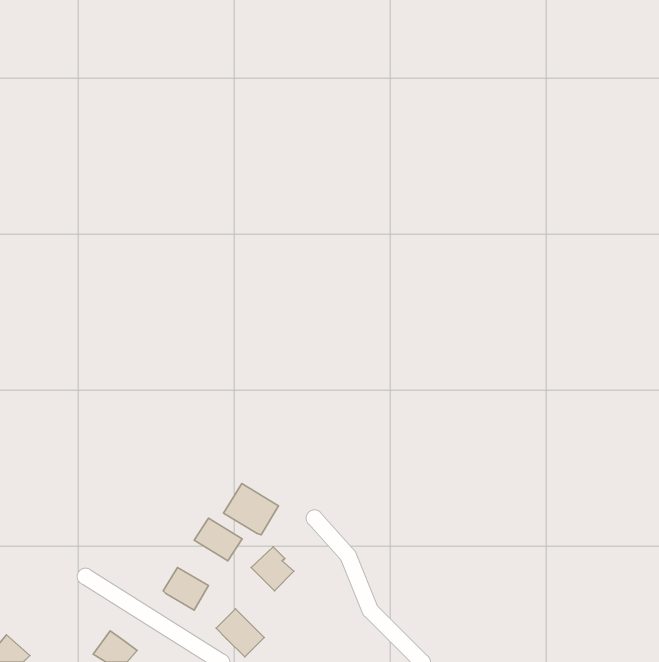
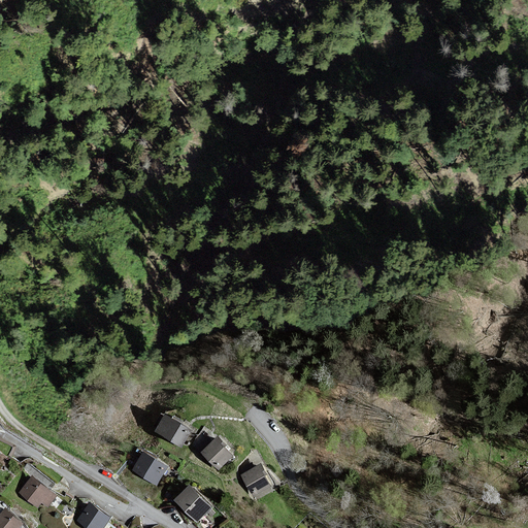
building: [223,483,278,535] -> none
building: none -> [240,462,271,495]
building: none -> [18,474,58,507]

